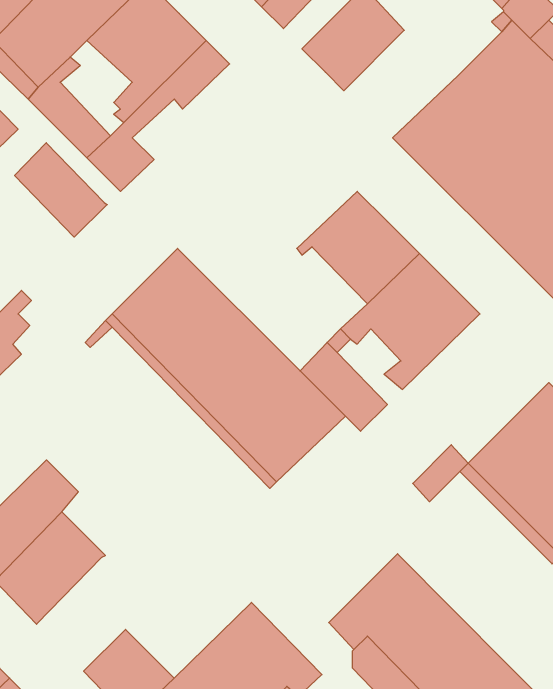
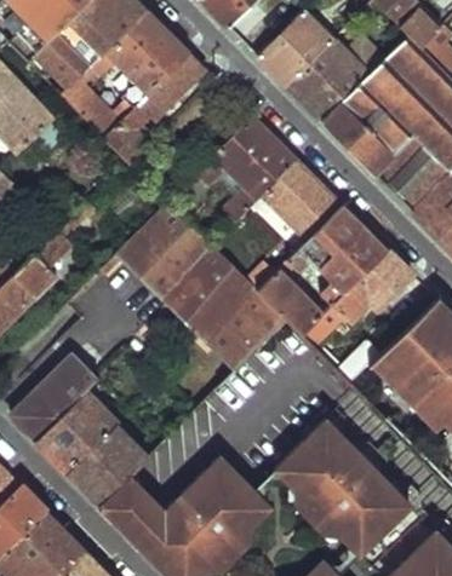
building: none -> [288,41,371,121]
building: none -> [188,115,298,220]
building: [15,143,107,237] -> none
building: none -> [301,248,411,347]
building: none -> [67,424,149,506]

